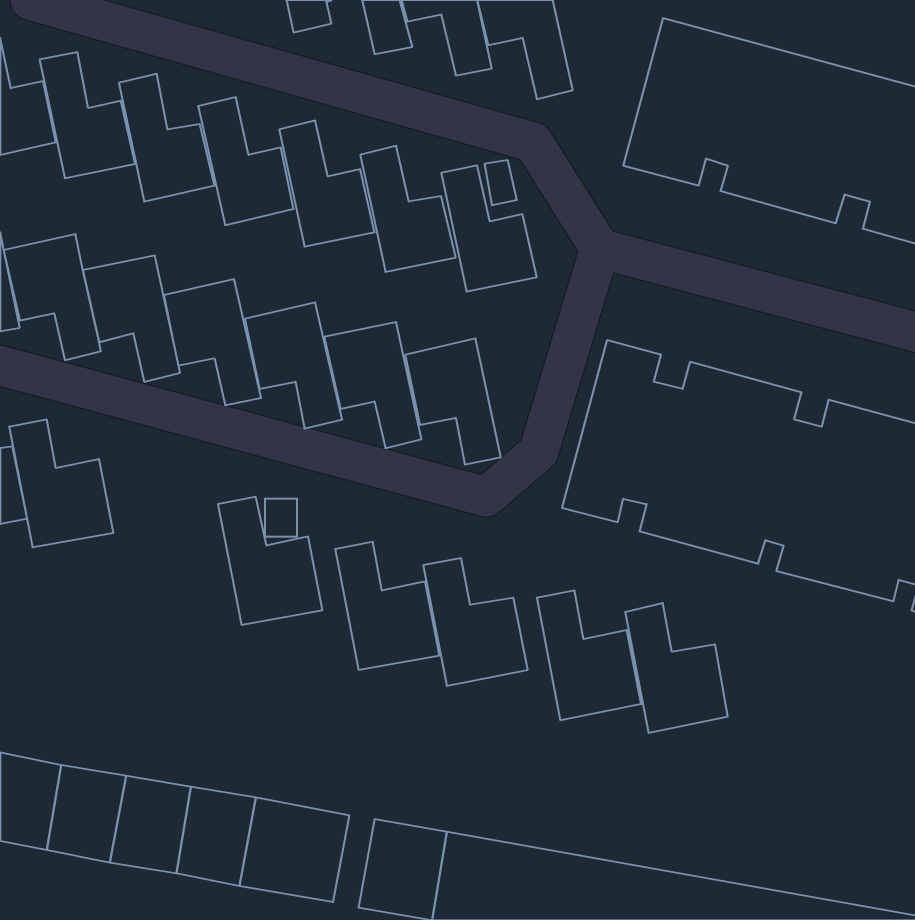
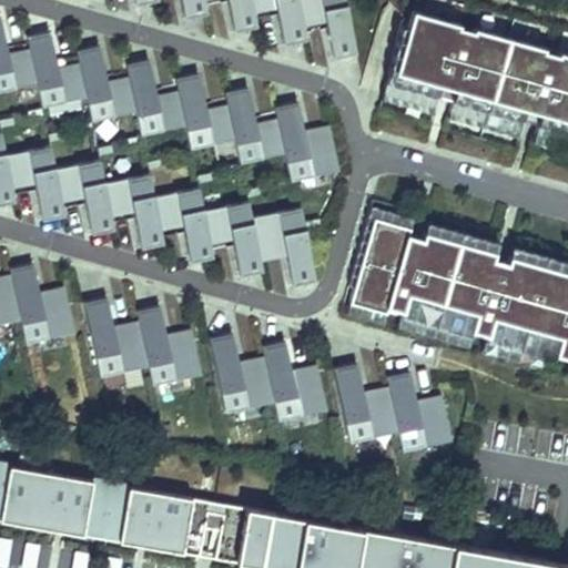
building: none -> [84,297,149,376]

